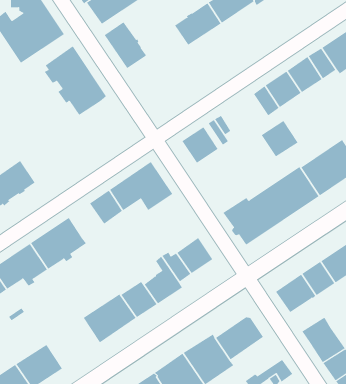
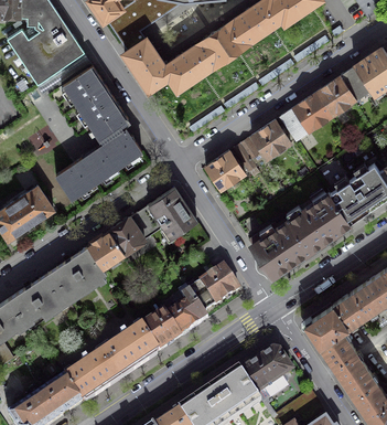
building: none -> [164,44,213,89]
building: none -> [56,124,141,198]
building: [261,120,299,157] -> [251,119,291,158]
building: none -> [88,231,125,267]
building: none -> [320,330,356,365]
building: none -> [64,351,120,404]

